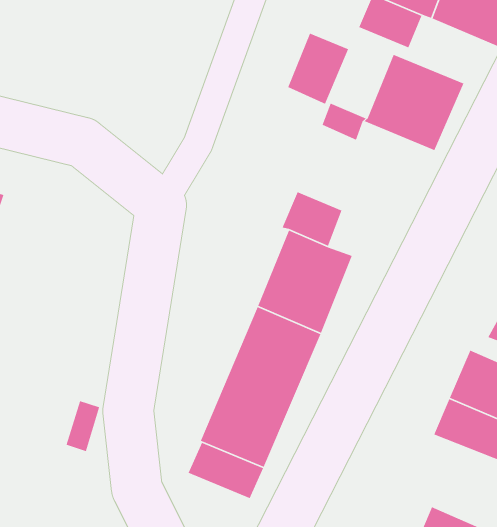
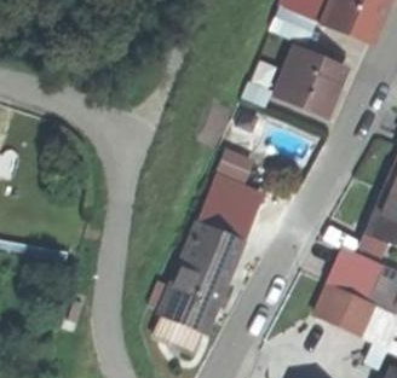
building: [287,33,349,105] -> none

